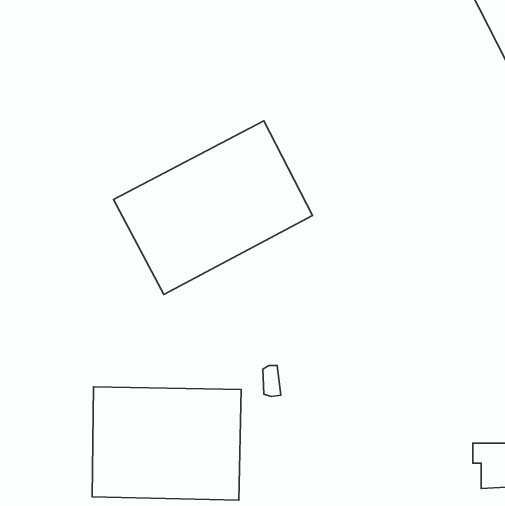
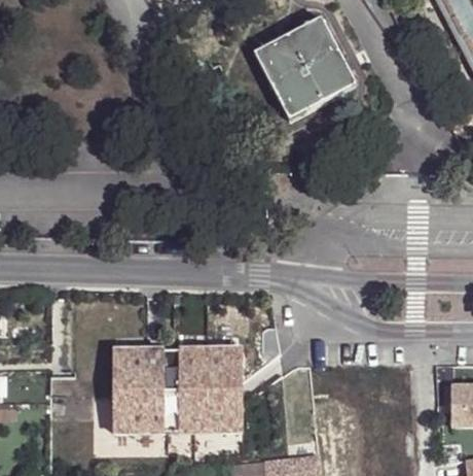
building: none -> [256,20,357,121]
building: [113,121,313,294] -> none

